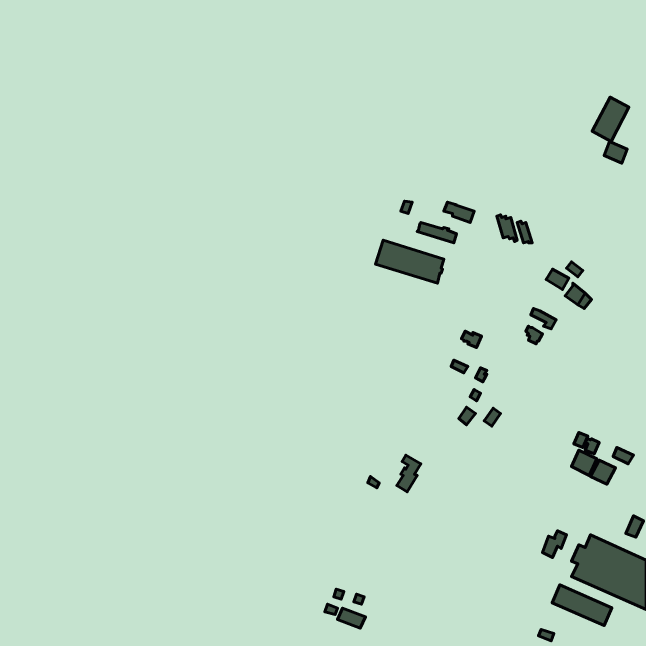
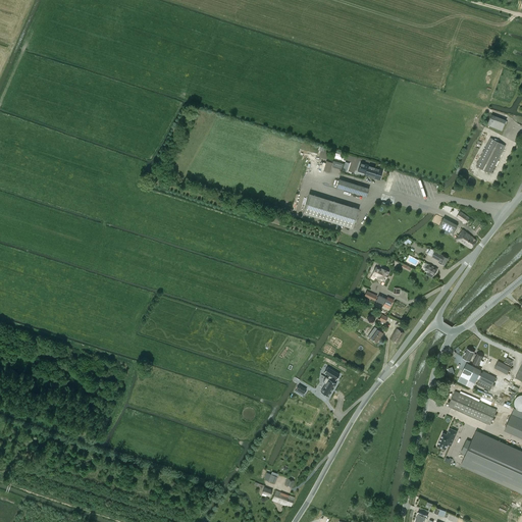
building: [592,97,629,141] -> [476,138,506,173]
building: [552,585,612,625] -> [449,392,497,424]

